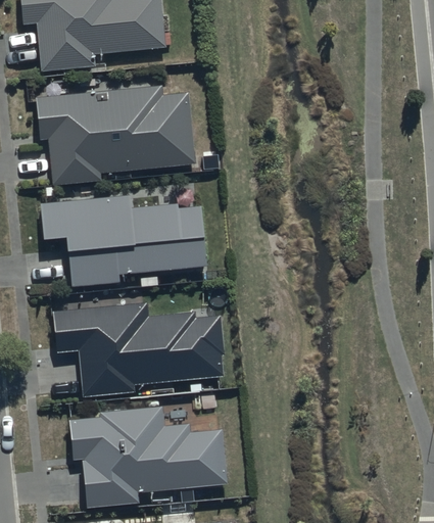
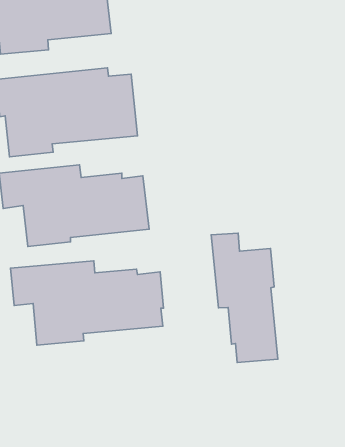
building: none -> [211,233,278,362]
building: [69,406,228,507] -> none

